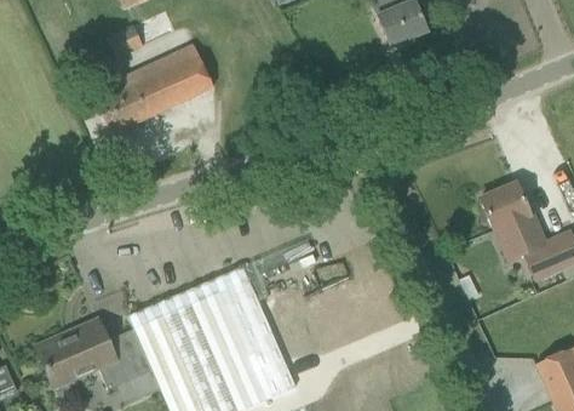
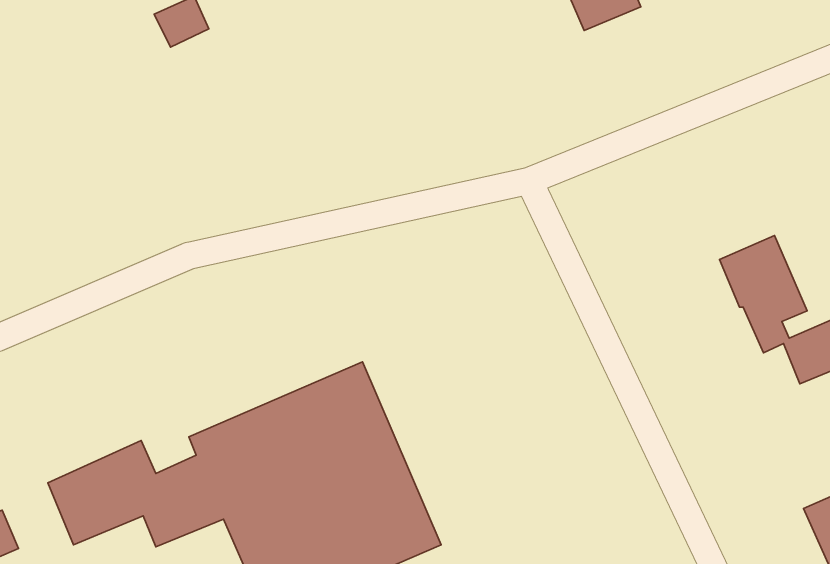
building: [97,41,213,133] -> none

